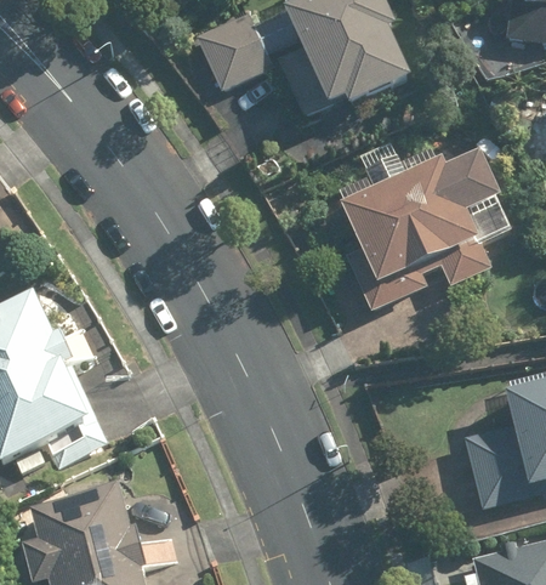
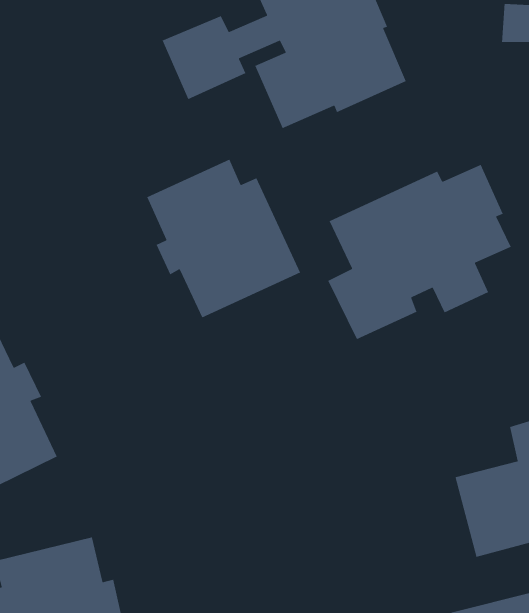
building: none -> [146,158,301,318]

